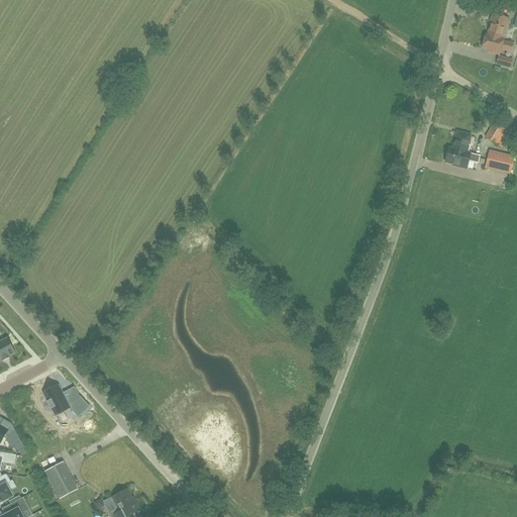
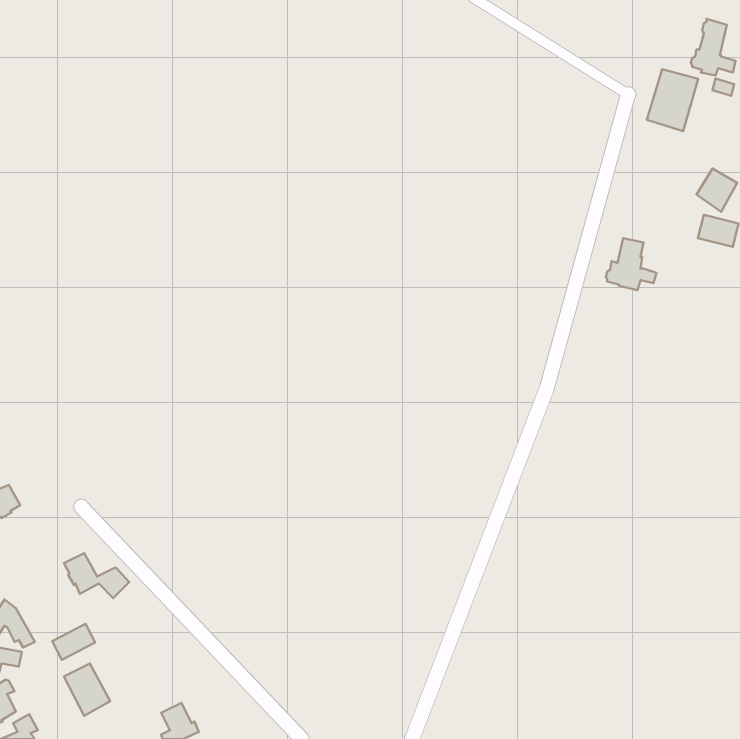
building: none -> [647,69,698,131]
building: [444,130,480,167] -> [606,238,657,290]
building: none -> [52,624,95,660]

